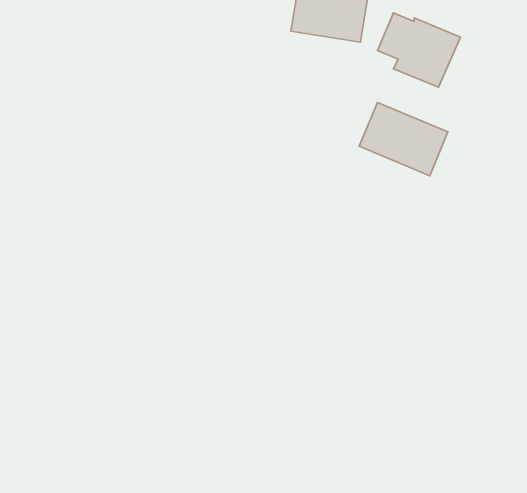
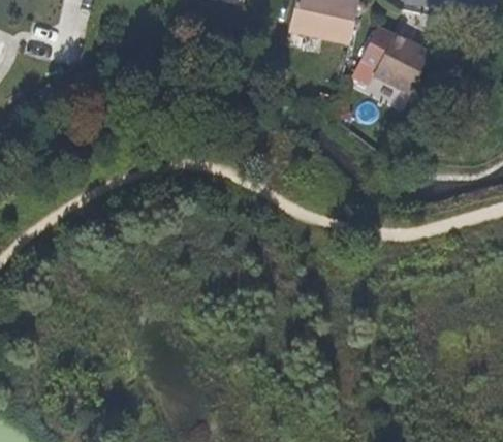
building: [359,102,448,176] -> none

